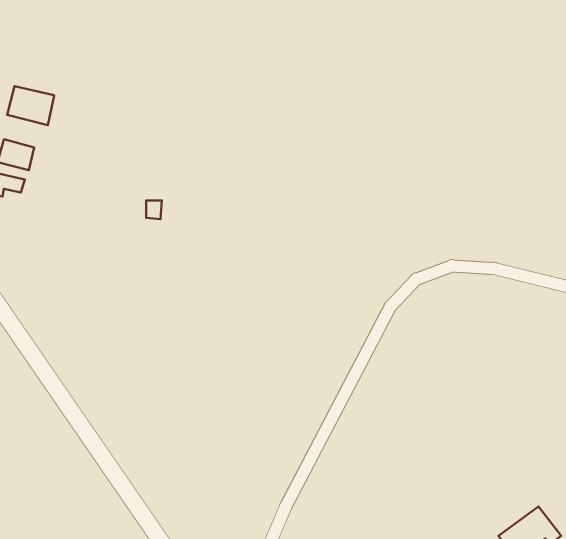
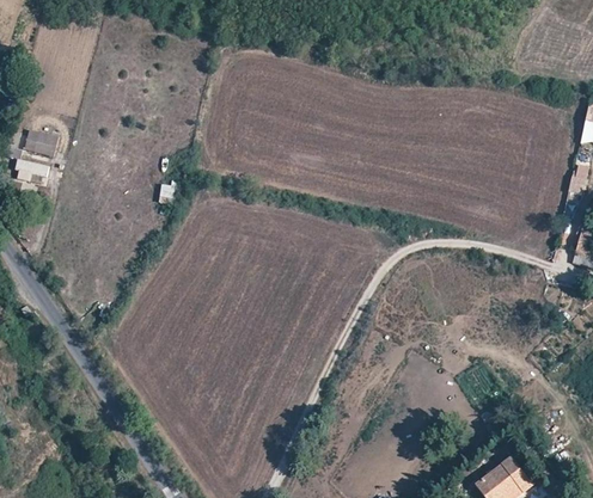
building: [7,86,54,125] -> none

